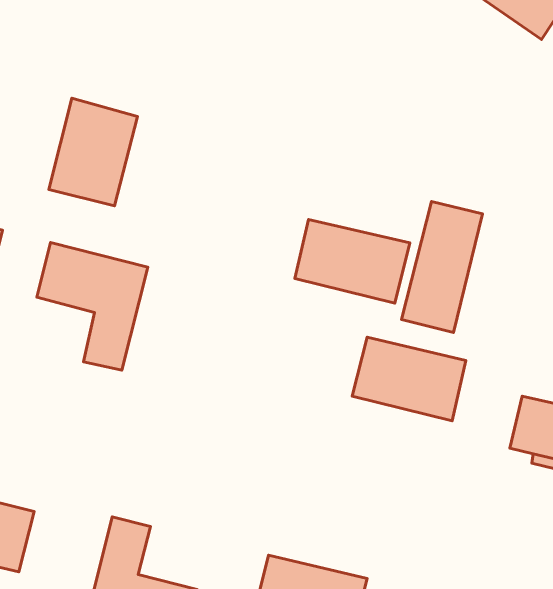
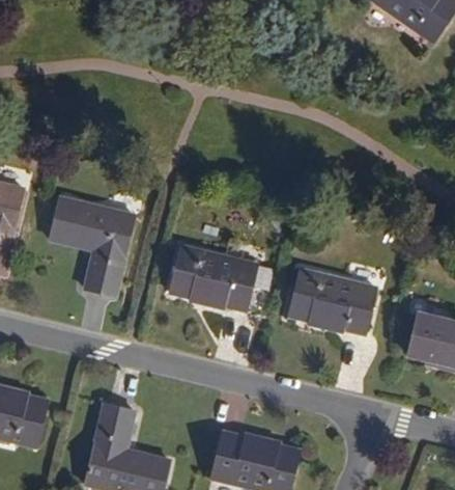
building: [49,98,138,206] -> none
building: [402,202,483,332] -> none
building: [295,219,410,303] -> [168,245,255,308]

